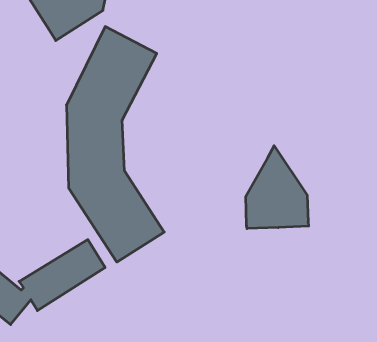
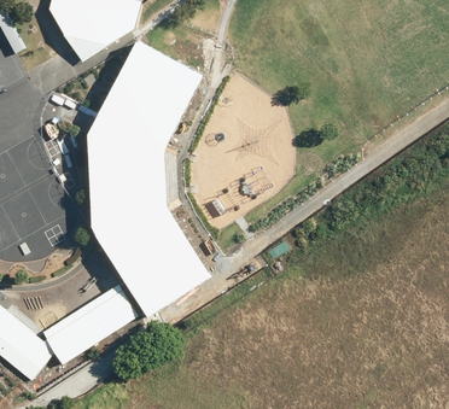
building: [246,146,309,229] -> none

